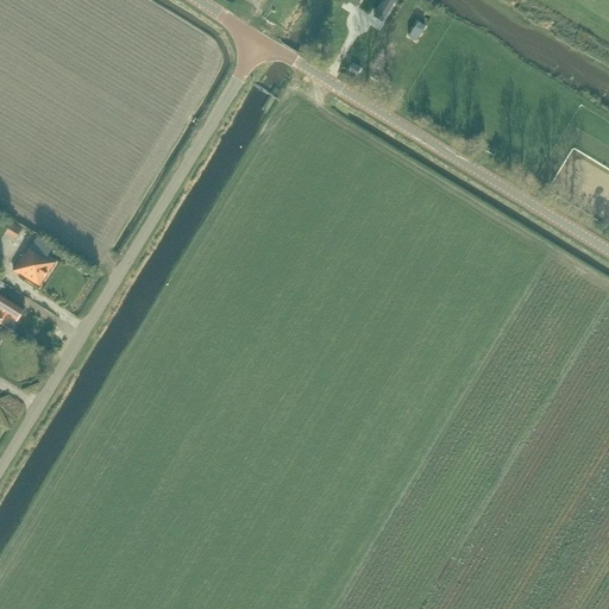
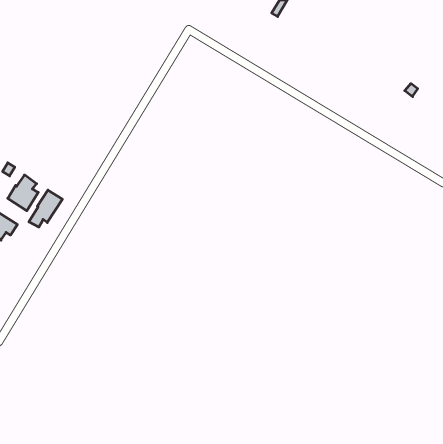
building: none -> [29,190,62,227]

